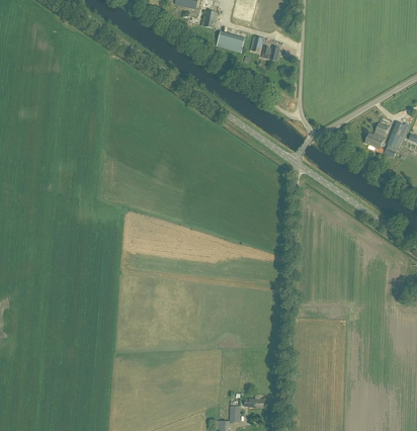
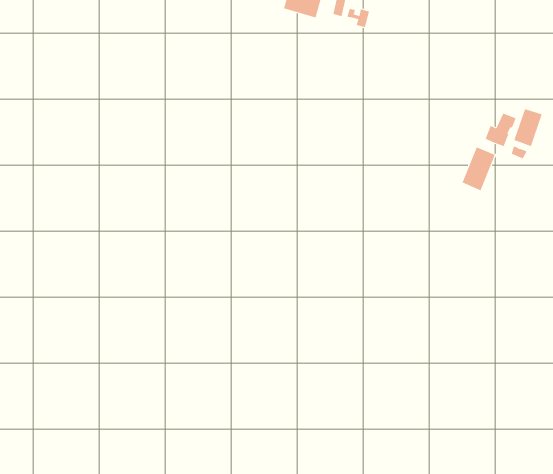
building: none -> [462,146,495,191]

